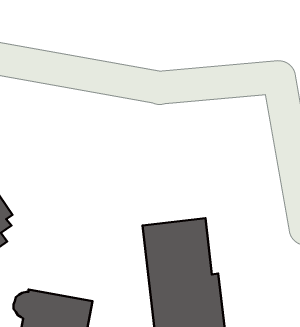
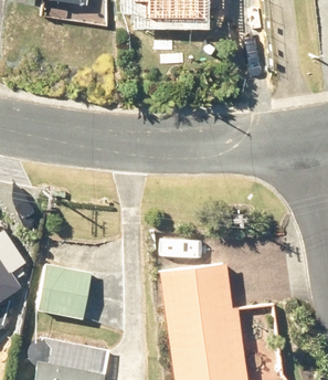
building: none -> [38,264,92,326]

